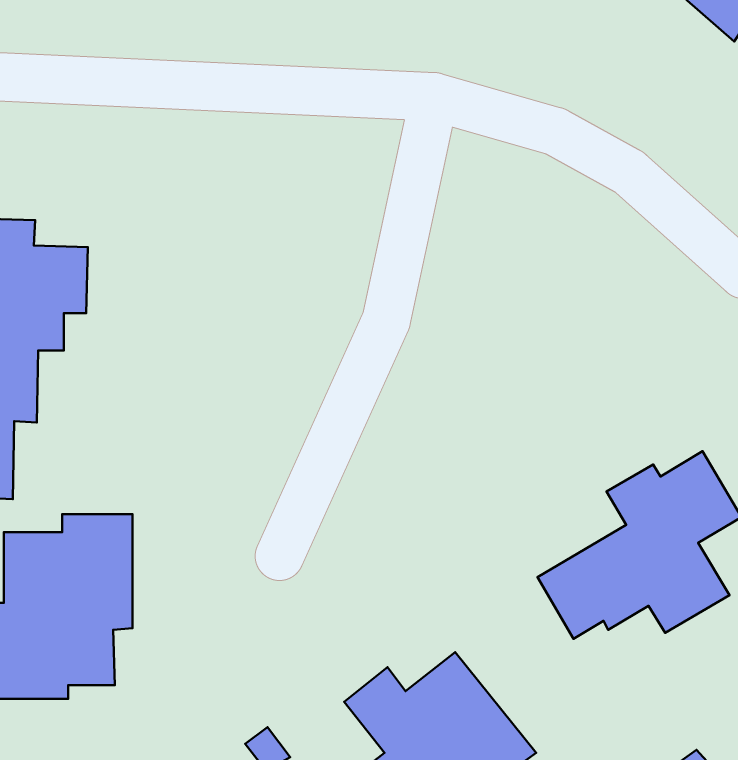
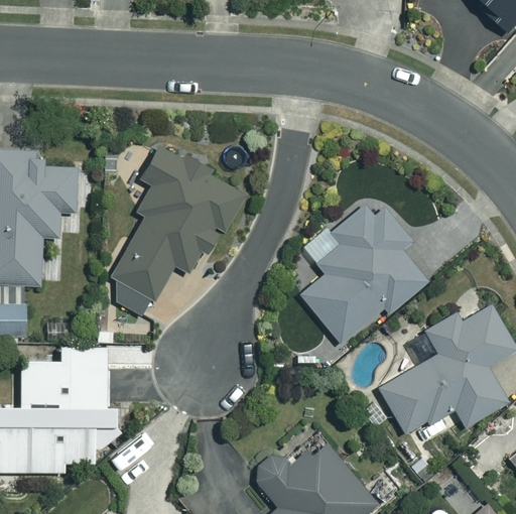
building: none -> [115,145,243,317]
building: none -> [300,206,427,344]

